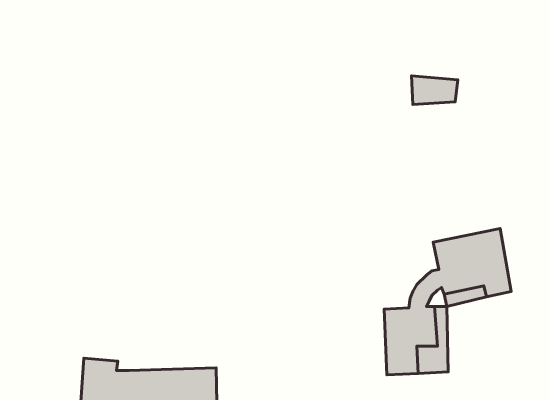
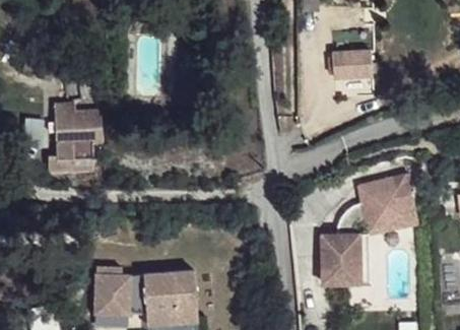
building: none -> [49,104,105,171]

